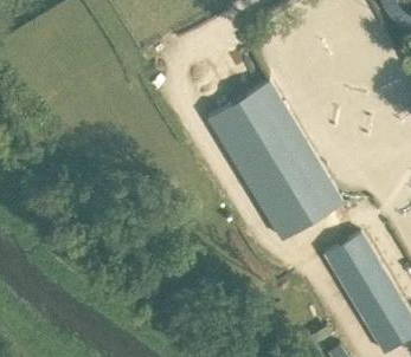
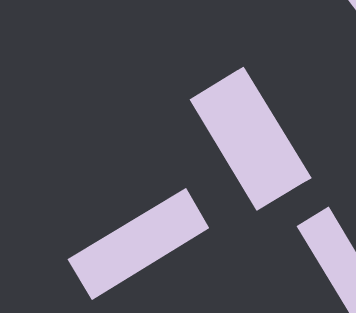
building: none -> [67,187,210,301]

